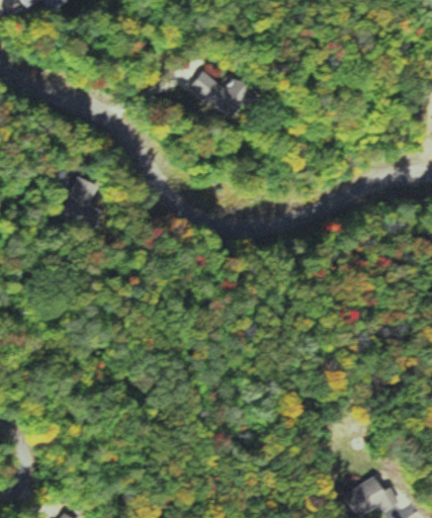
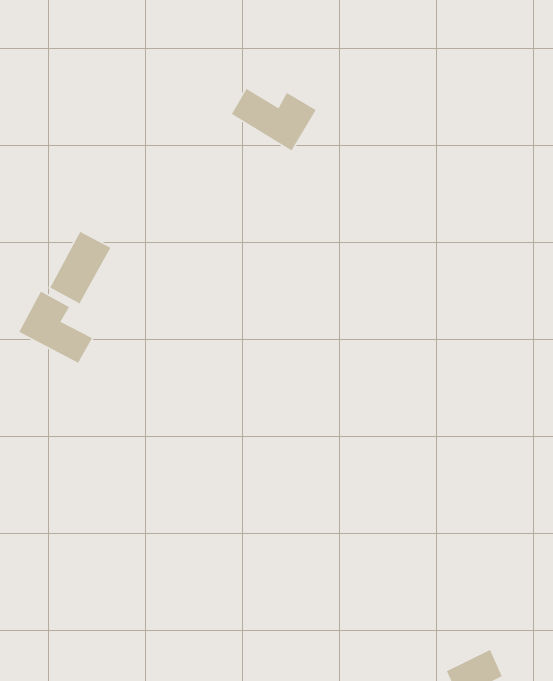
building: none -> [18,291,93,364]

